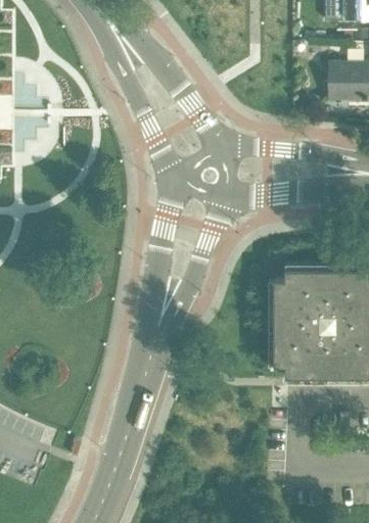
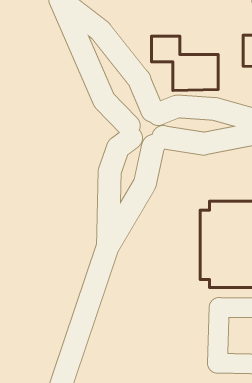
building: none -> [151,36,218,90]

